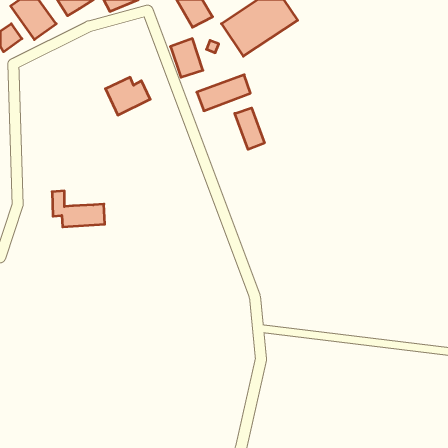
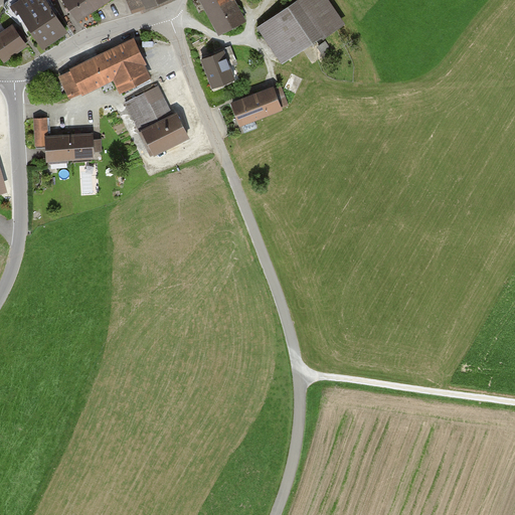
building: none -> [62,39,154,96]
building: none -> [136,114,185,156]
building: [235,108,264,149] -> none
building: [52,191,105,227] -> [35,118,96,159]

